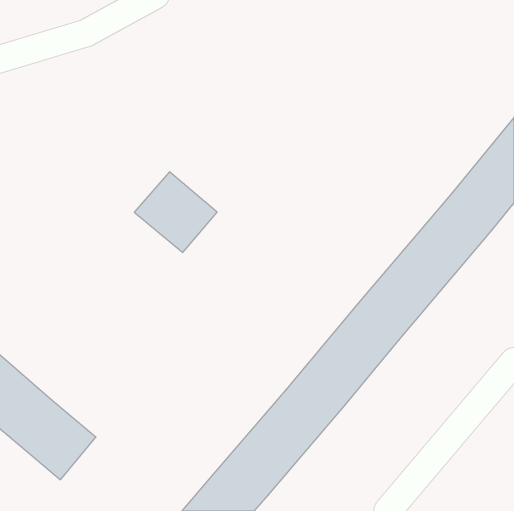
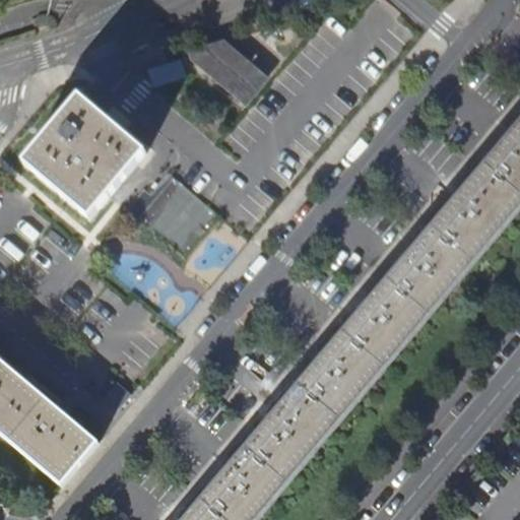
building: none -> [187,37,266,101]
building: none -> [22,93,144,215]

